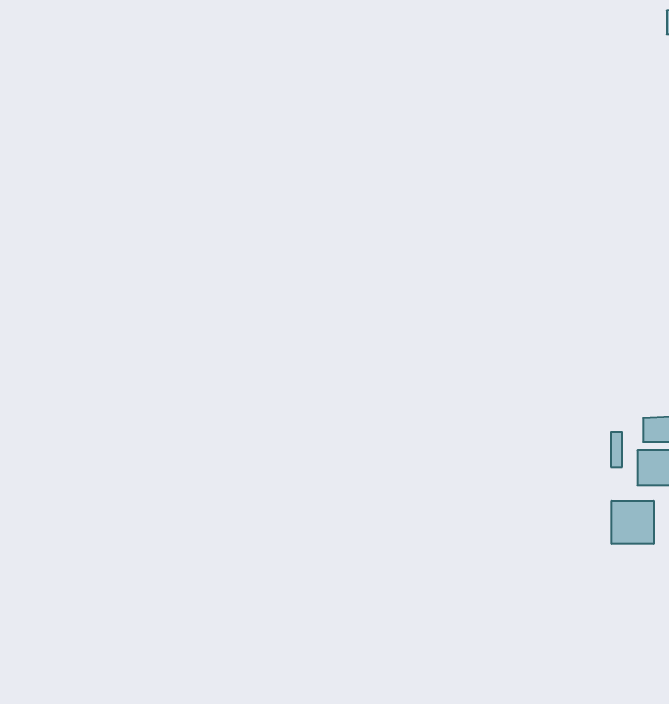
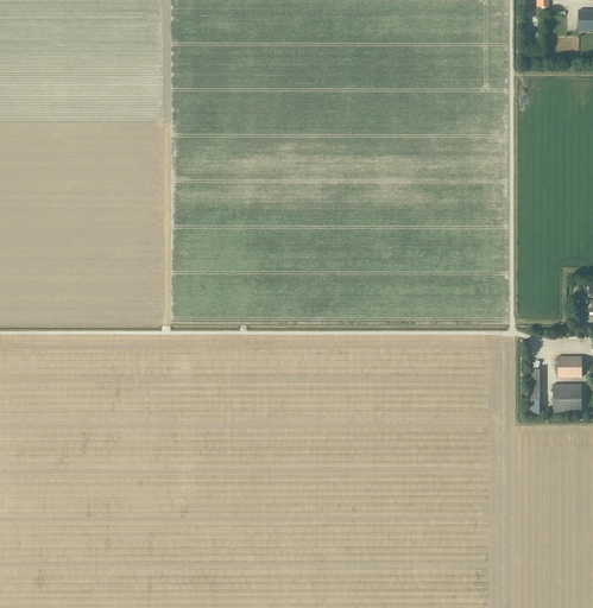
building: [612,501,654,544] -> none

